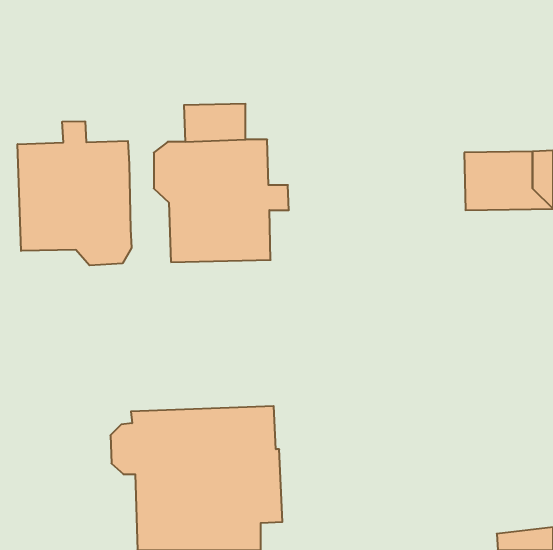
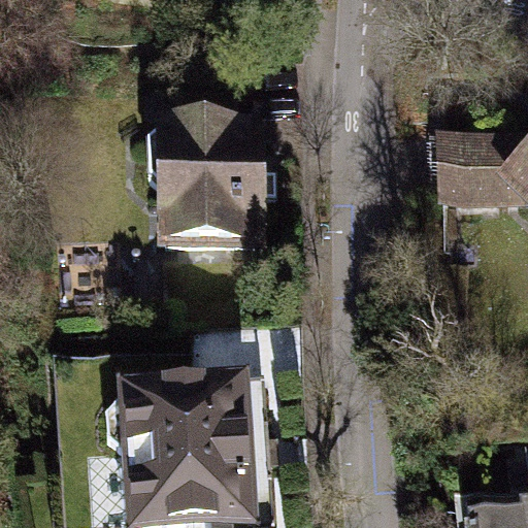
building: [18,121,132,265] -> none

